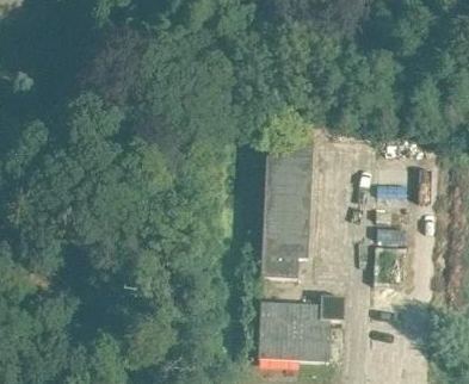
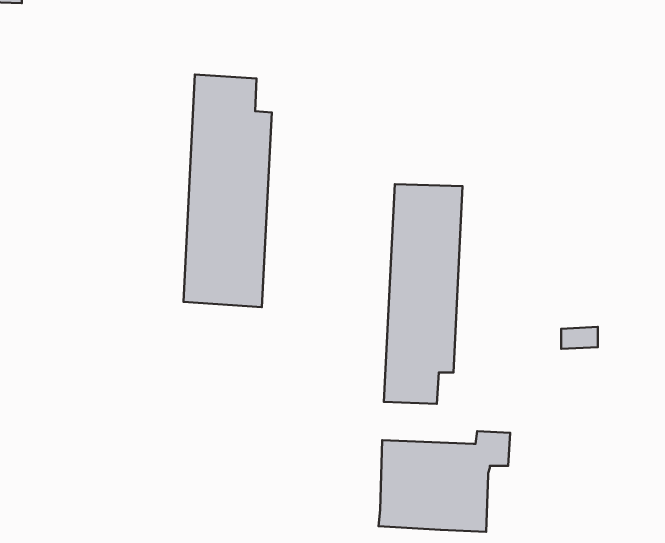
building: none -> [183,75,272,307]

